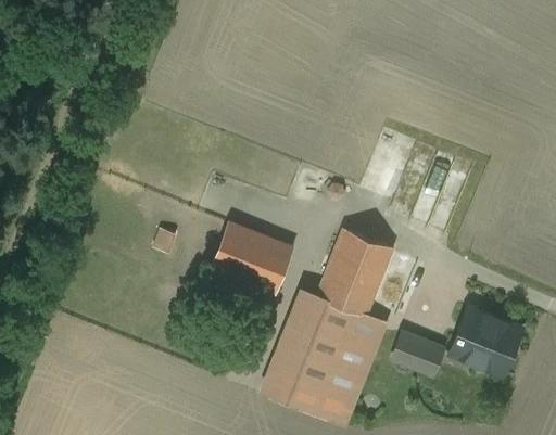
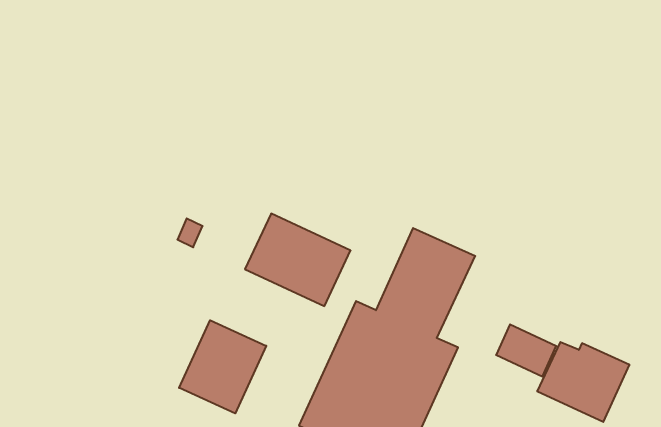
building: none -> [179,320,266,413]
building: [394,333,442,373] -> [496,324,556,376]

